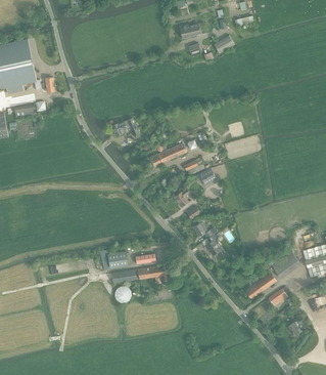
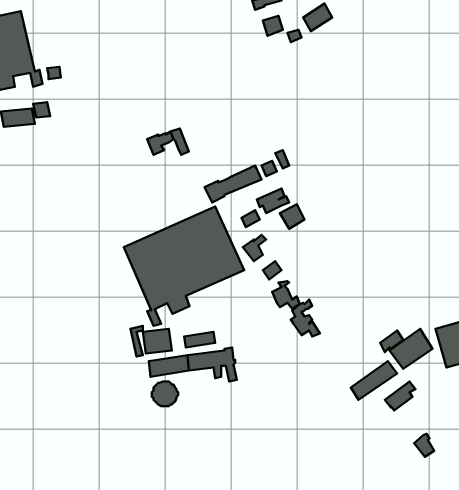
building: none -> [124,207,244,326]

